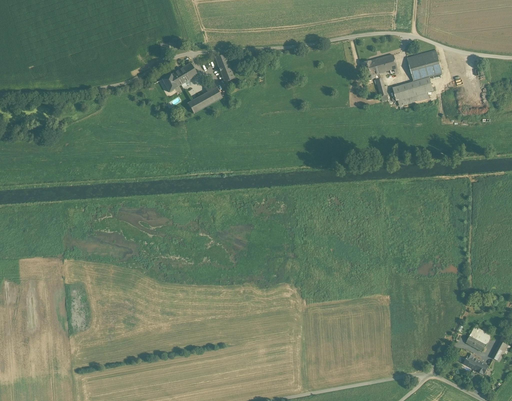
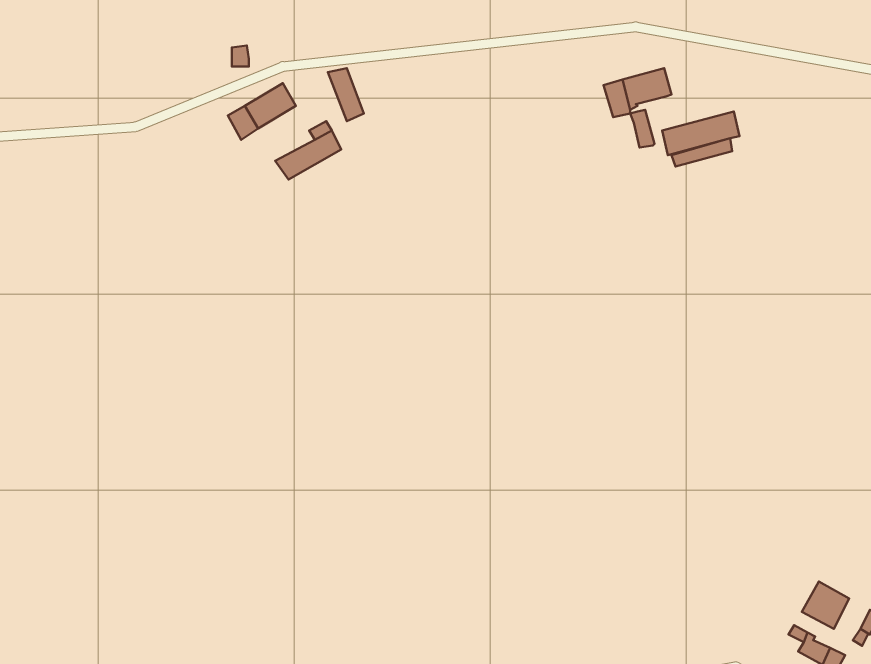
building: [407,50,442,80] -> none

